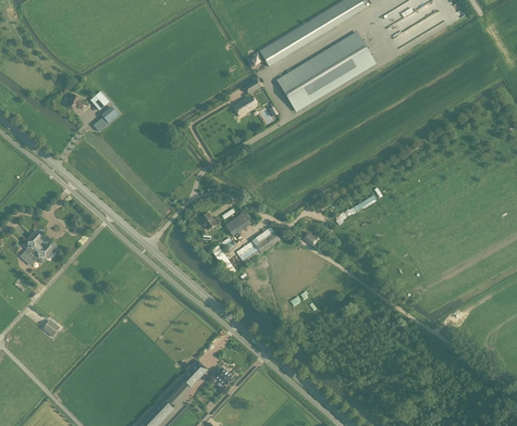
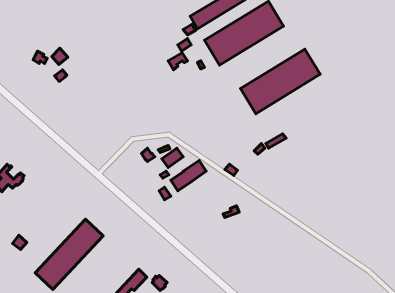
building: none -> [240,49,320,114]
building: none -> [35,219,103,289]

